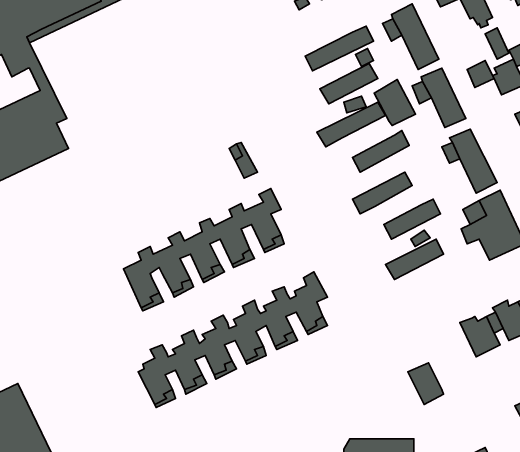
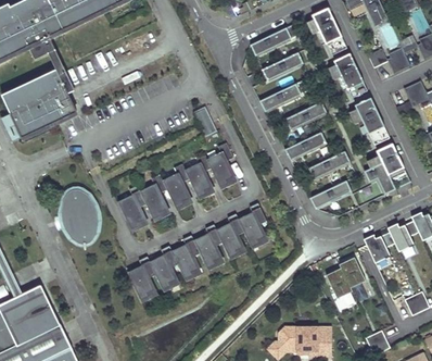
building: [374,79,415,126] -> none
building: none -> [60,189,98,244]
building: none -> [338,259,365,289]

